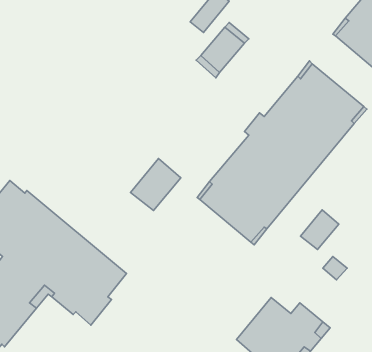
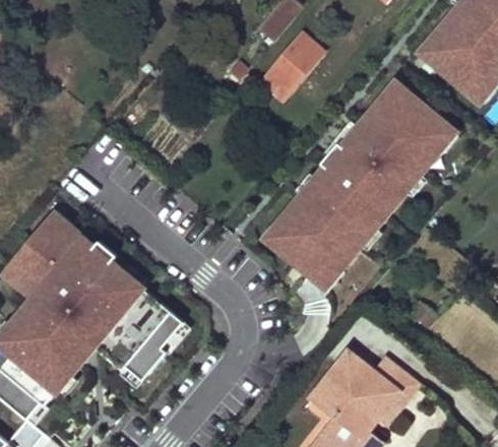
building: [130,159,181,211] -> none
building: [300,210,339,250] -> none

